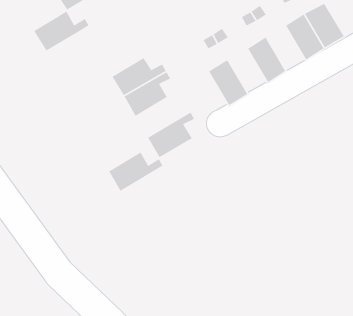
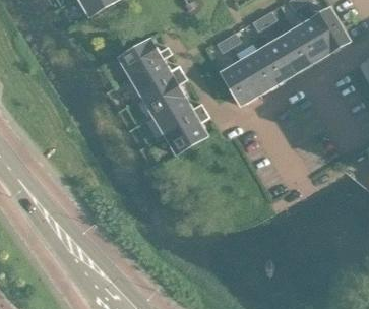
building: [33,10,90,52] -> [119,40,172,78]
building: none -> [275,30,313,73]
building: none -> [240,52,278,95]
building: [108,152,164,192] -> [153,98,205,135]

